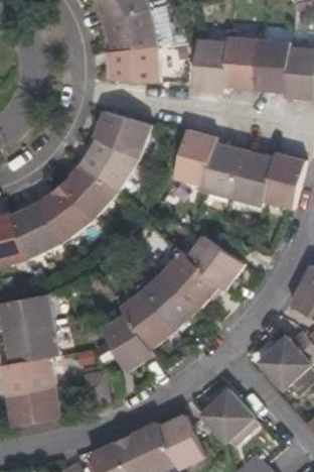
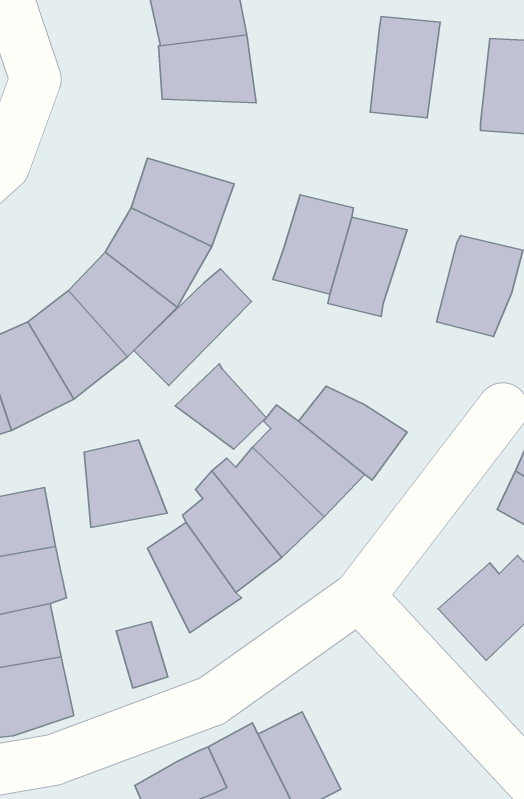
building: [254,37,288,93] -> none
building: [193,39,227,93] -> none
building: [228,151,270,206] -> none
building: none -> [134,269,251,386]
building: none -> [175,364,266,449]
building: none -> [84,440,167,528]
building: [202,386,257,442] -> none

